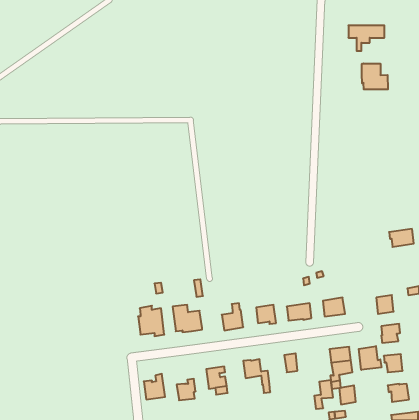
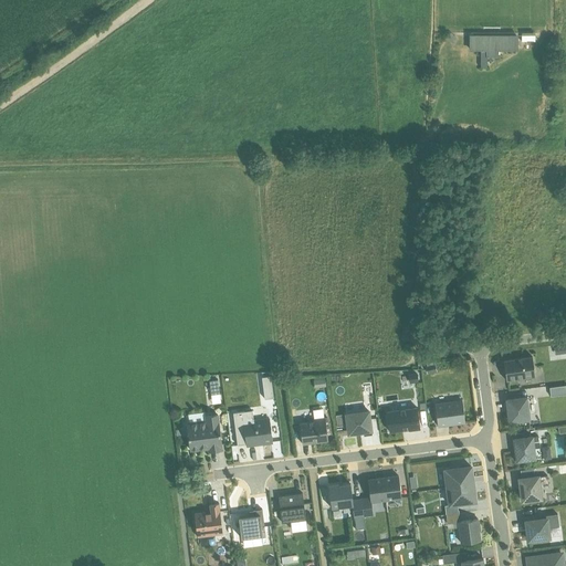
building: [362,63,388,89] -> none
building: [389,229,414,247] -> [501,357,534,381]
building: [359,346,381,370] -> none
building: [314,380,333,409] -> [360,478,386,516]

